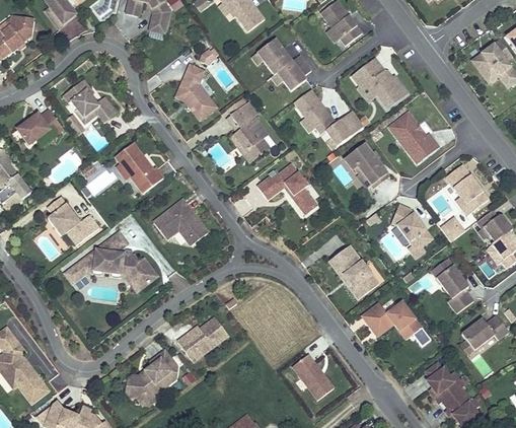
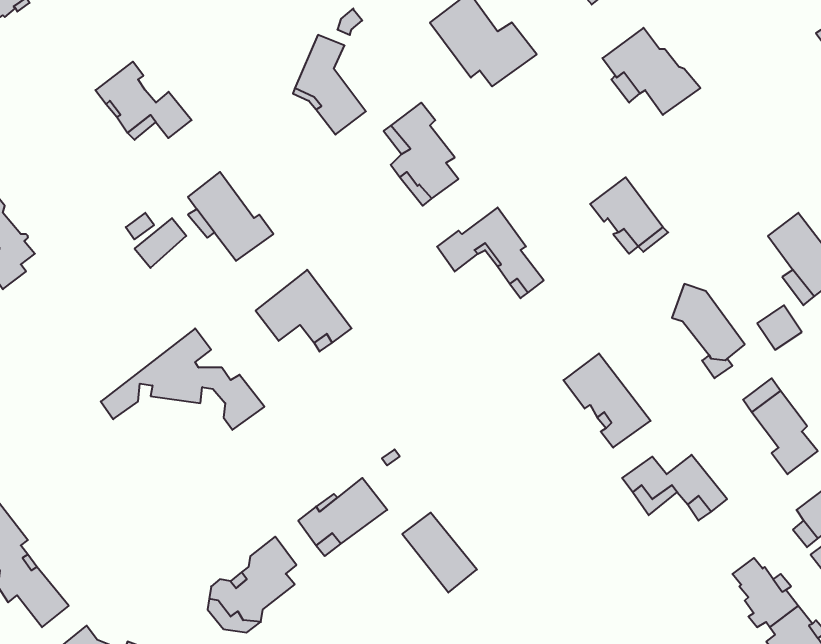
building: [294,90,364,147] -> none
building: [17,109,64,144] -> none
building: [388,113,439,164] -> none
building: [48,195,100,244] -> none
building: [87,262,141,290] -> none
building: [292,353,335,399] -> [402,513,477,593]

